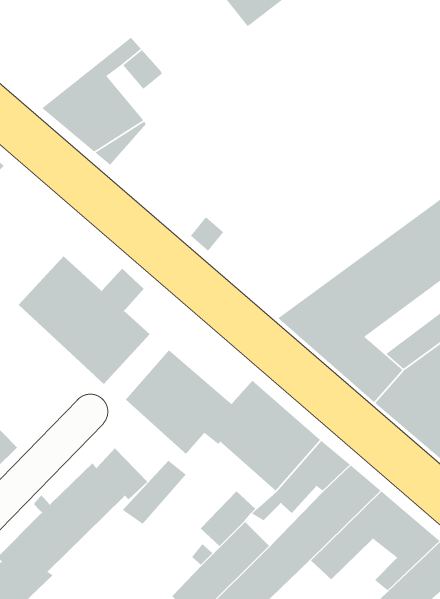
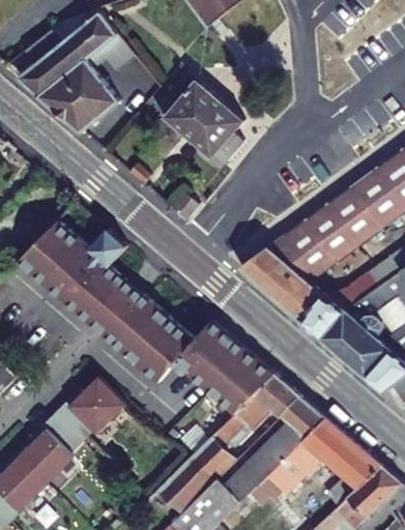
building: none -> [17,7,114,94]
building: none -> [154,71,244,168]
building: [122,460,187,525] -> [91,285,146,340]

